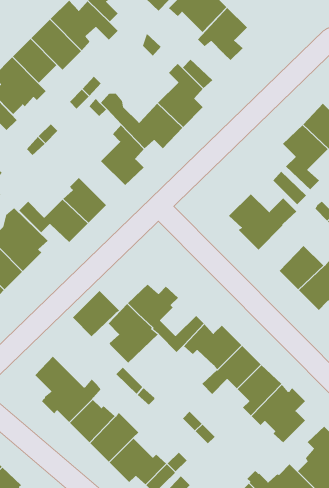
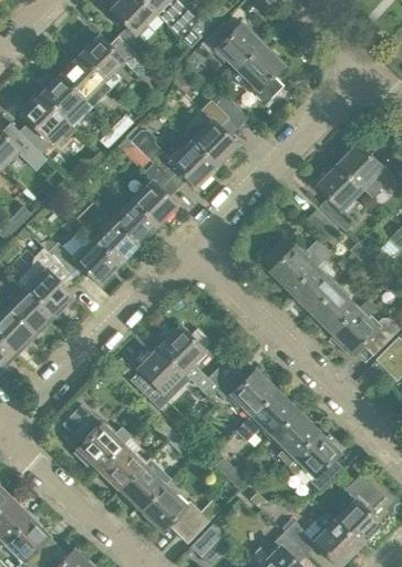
building: none -> [107,202,155,247]
building: none -> [292,268,341,315]
building: [72,290,120,337] -> none

